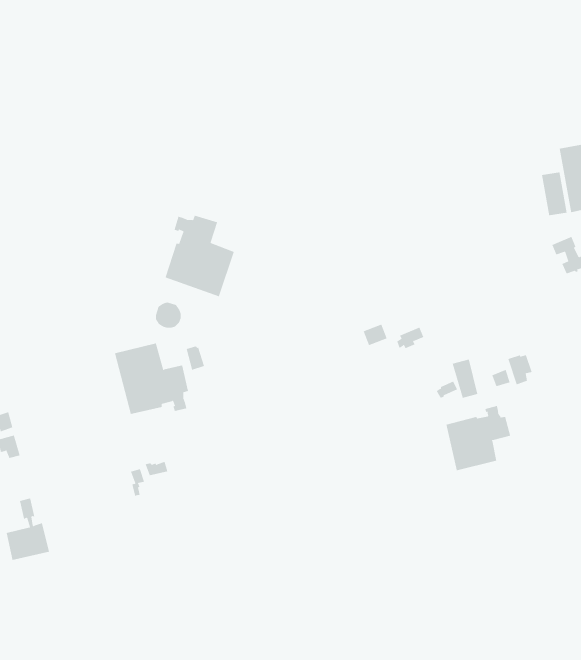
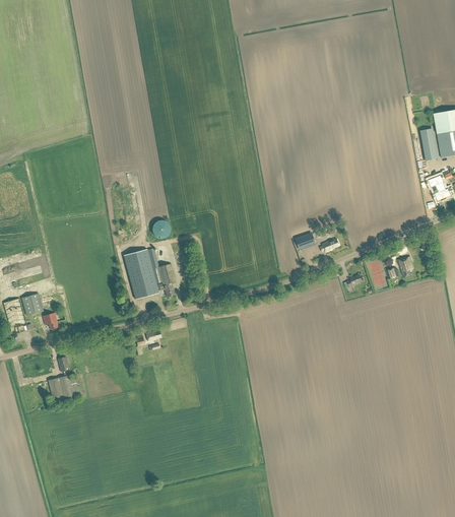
building: [165,215,234,297] -> none
building: [446,405,511,471] -> none

